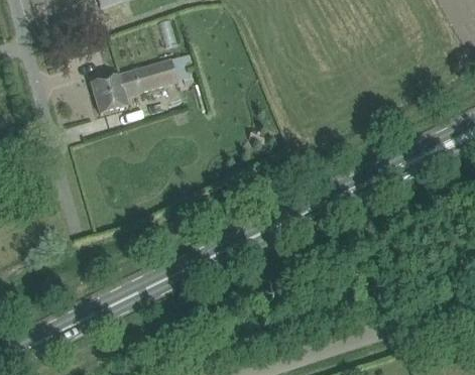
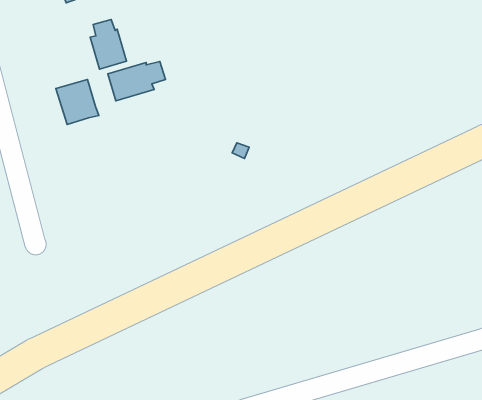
building: none -> [90,19,126,69]

